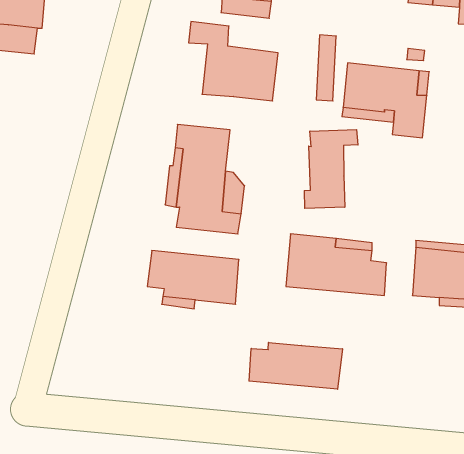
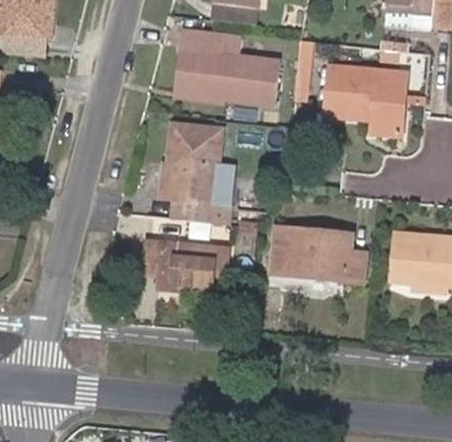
building: none -> [177,47,224,101]
building: [304,130,358,208] -> none
building: [249,342,342,389] -> none

